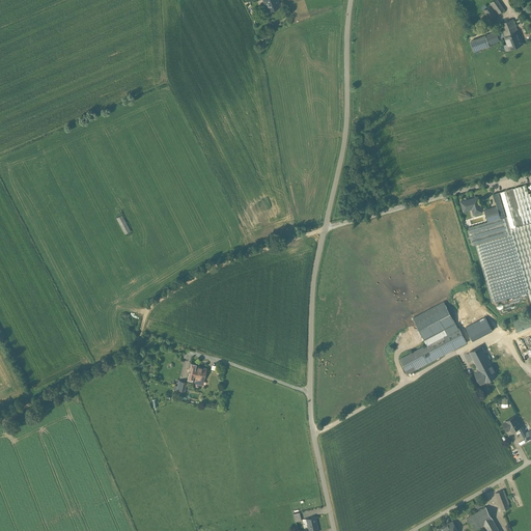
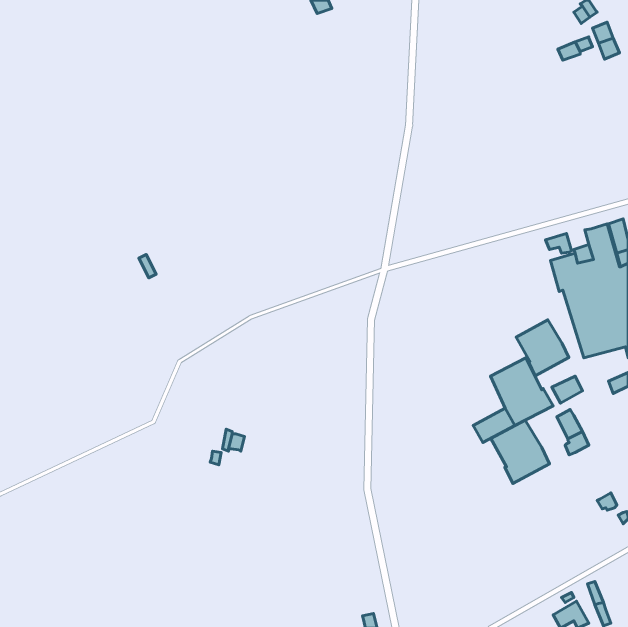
building: none -> [516,320,569,376]
building: none -> [491,420,550,484]

